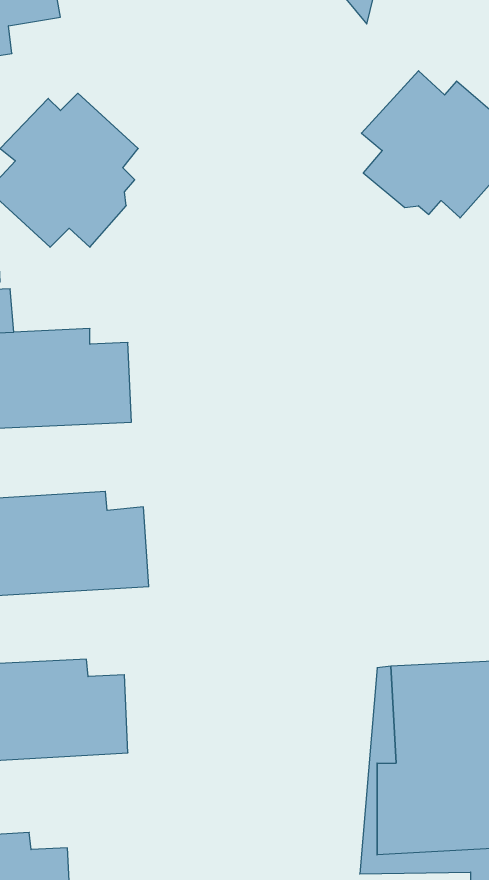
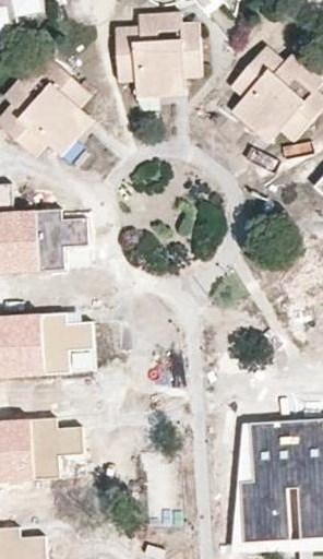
building: none -> [116,14,205,98]

